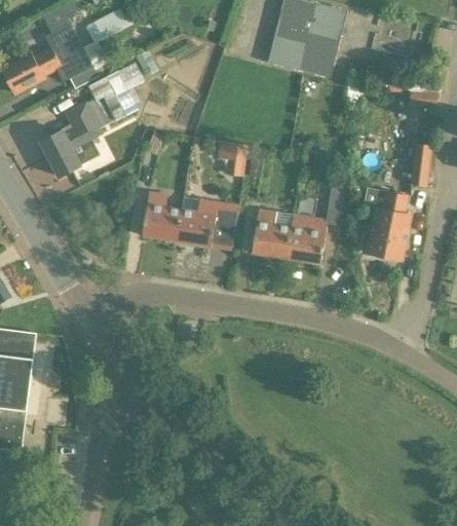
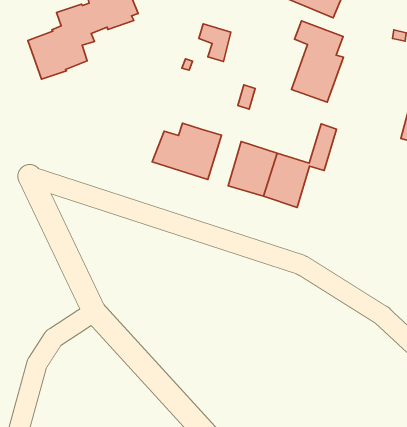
building: [217,142,246,175] -> [199,24,231,61]
building: [363,186,412,260] -> [291,21,343,102]
building: [142,192,183,240] -> none

